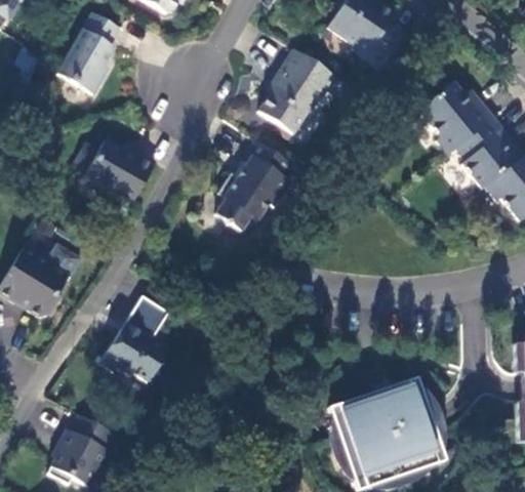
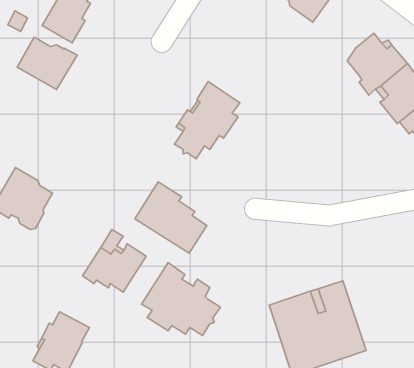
building: [258,47,335,132] -> none
building: [84,138,156,201] -> [17,37,77,90]
building: none -> [135,182,207,253]
building: none -> [141,262,220,336]

